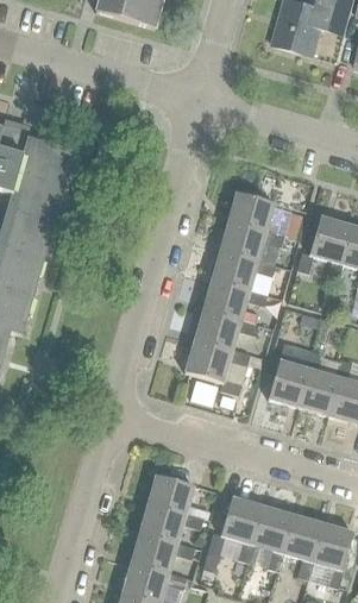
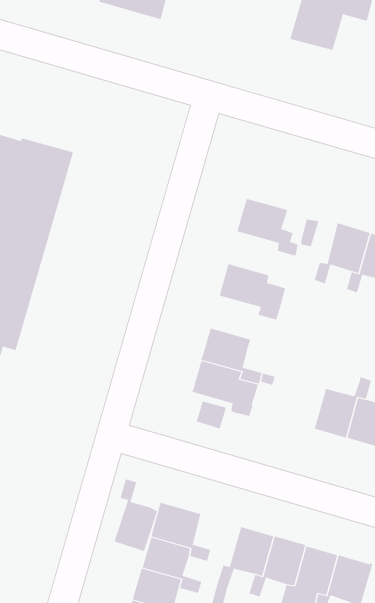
building: [218,222,278,275] -> none
building: [201,282,258,334] -> none
building: [268,348,321,406] -> none
building: none -> [114,479,158,552]

